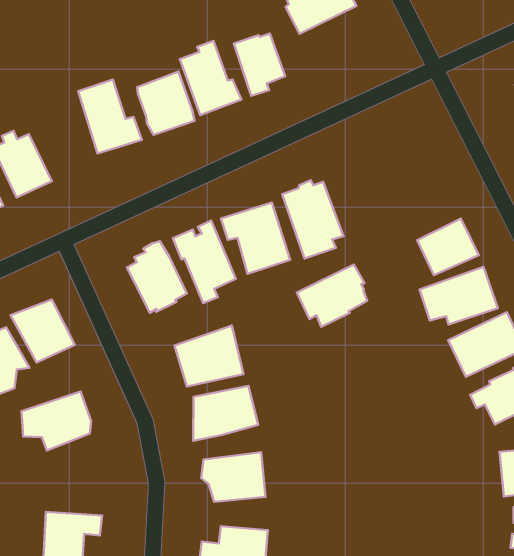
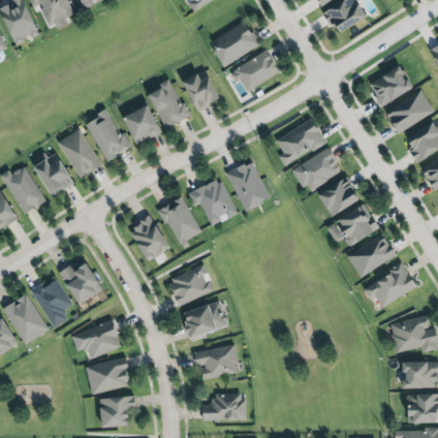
building: none -> [231,50,279,93]
building: none -> [58,128,103,179]
building: none -> [276,119,325,165]
building: [297,264,367,327] -> [292,148,339,191]
building: none -> [86,357,127,396]

